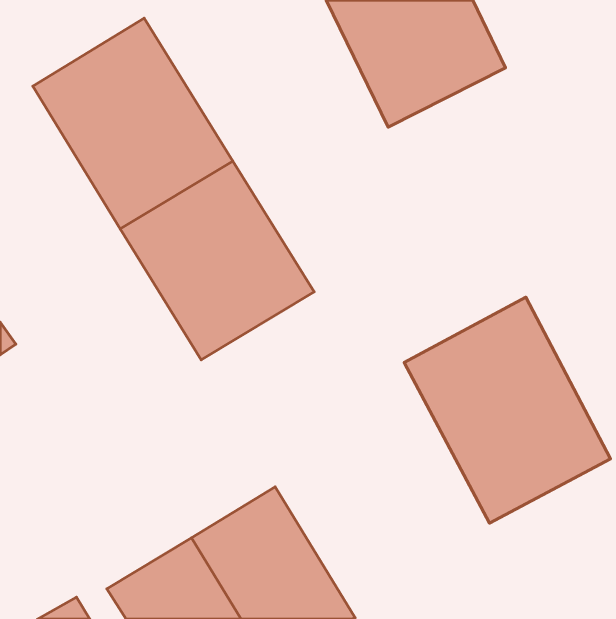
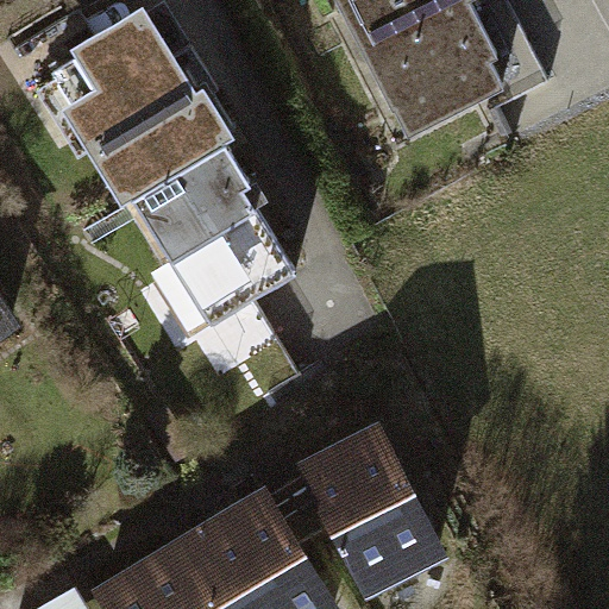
building: [404,297,610,523] -> none
building: none -> [309,423,458,601]

